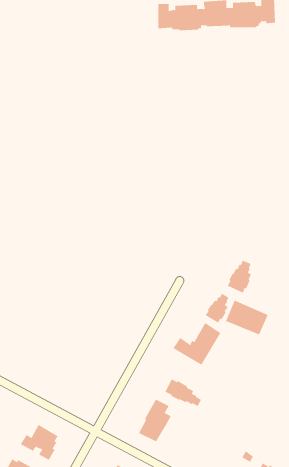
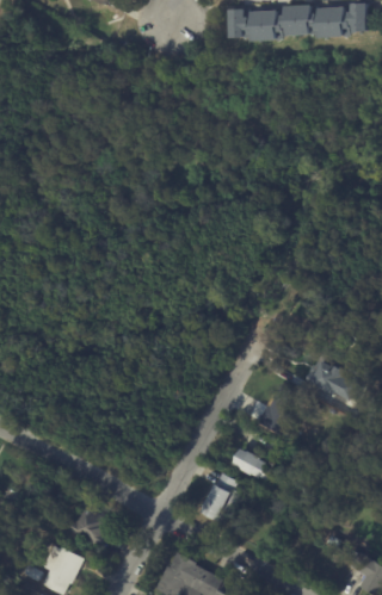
building: [227,260,252,293] -> none
building: [205,293,229,323] -> none

